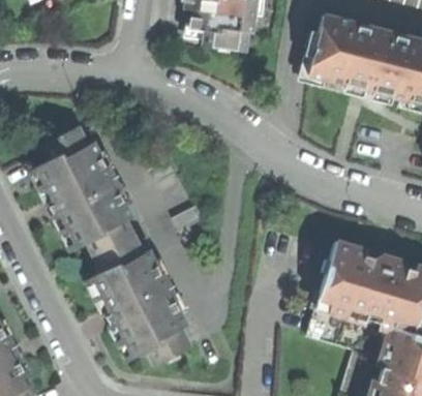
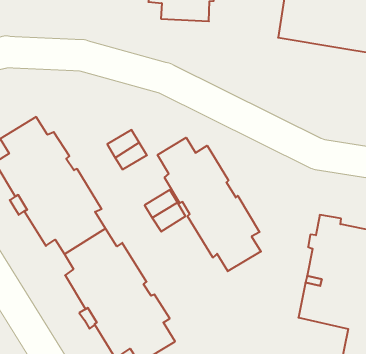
building: none -> [158,138,261,271]

